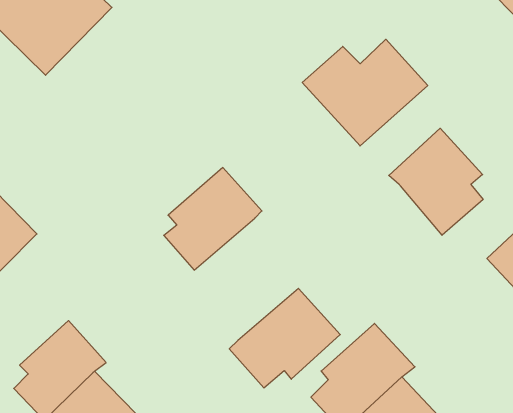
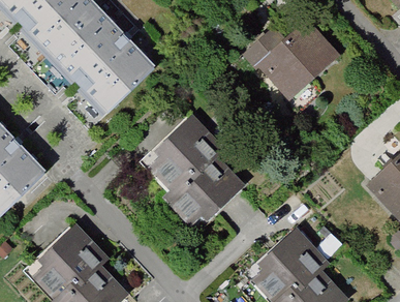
building: none -> [53,6,158,112]
building: [389,128,483,235] -> none
building: [229,288,340,388] -> [153,157,233,229]

